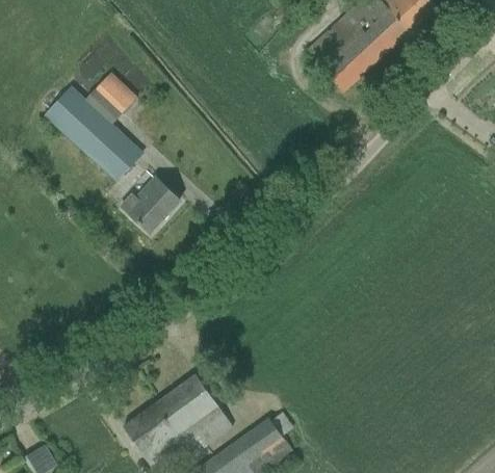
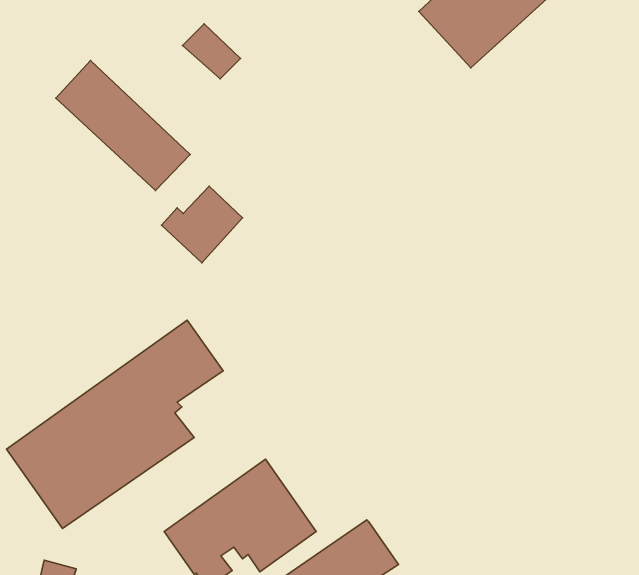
building: [95,72,136,111] -> [183,24,240,79]
building: none -> [6,320,223,529]

